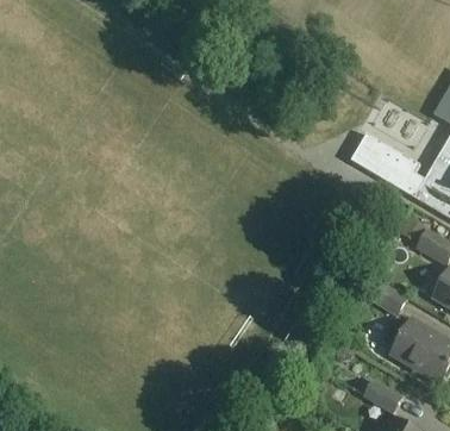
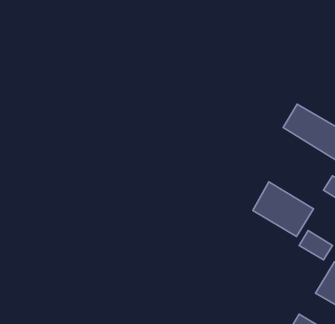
building: none -> [253,182,313,237]

